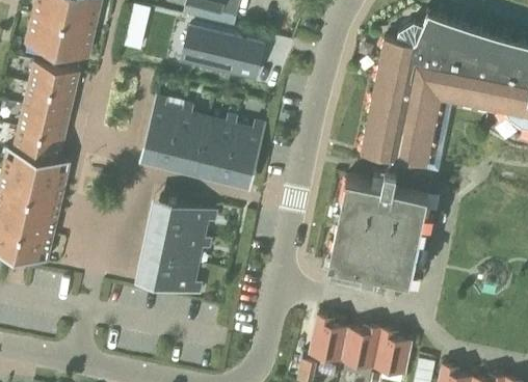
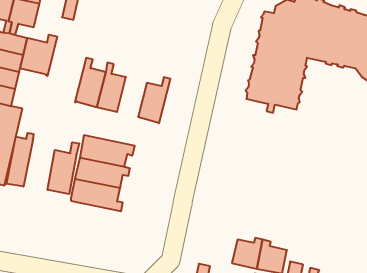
building: [181,29,263,80] -> none
building: none -> [20,35,57,76]
building: [195,116,237,174] -> none
building: [328,167,432,291] -> none
building: none -> [6,133,34,187]
building: none -> [48,142,79,194]
building: [311,319,350,362] -> none

